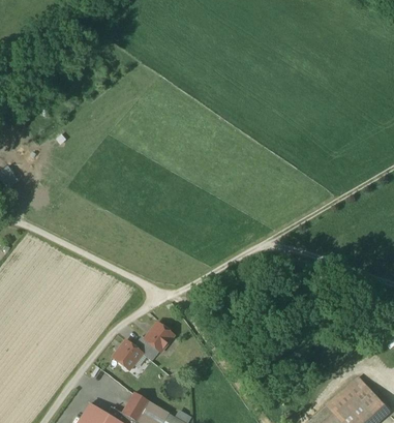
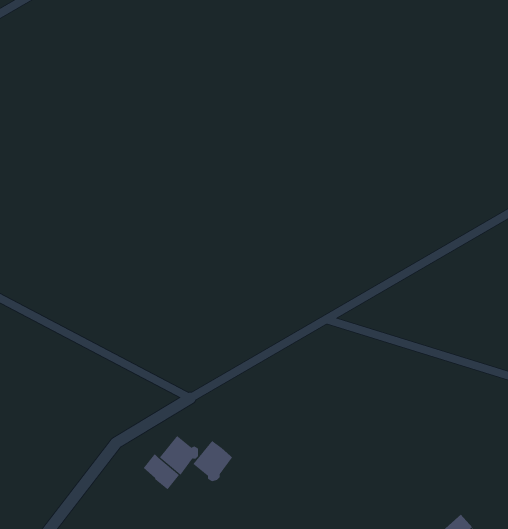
building: [113,341,142,370] -> [192,440,234,482]

